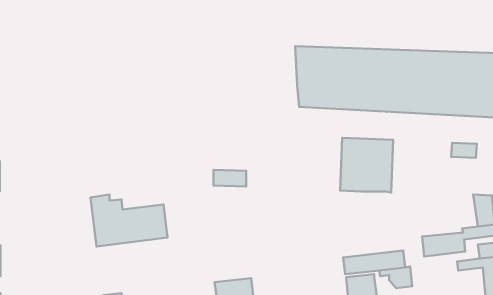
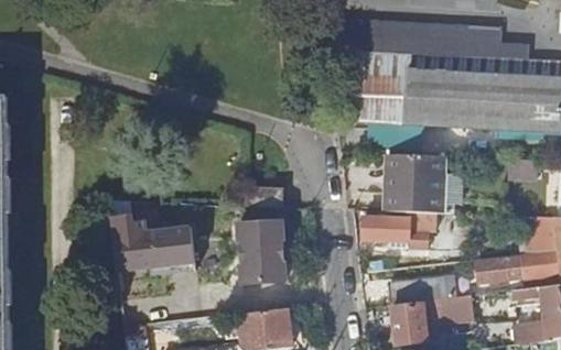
building: none -> [323,20,526,58]
building: none -> [363,212,434,249]
building: none -> [236,222,284,283]

